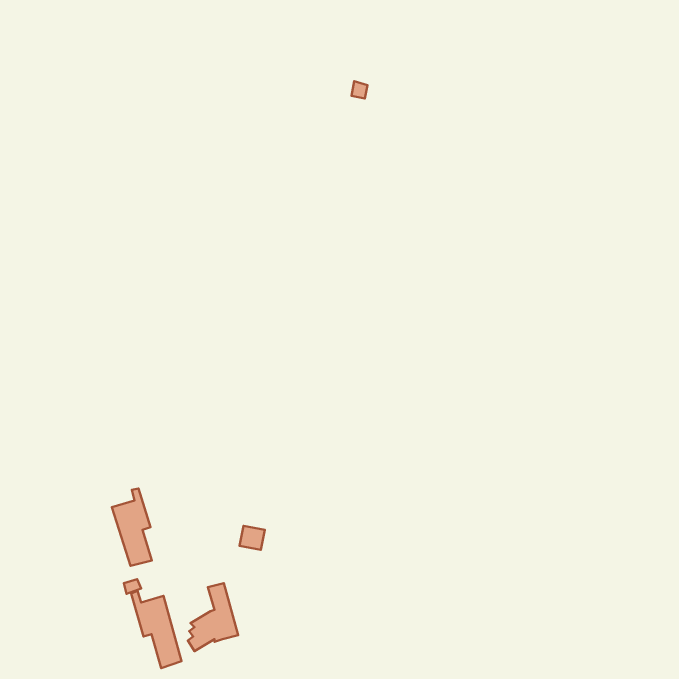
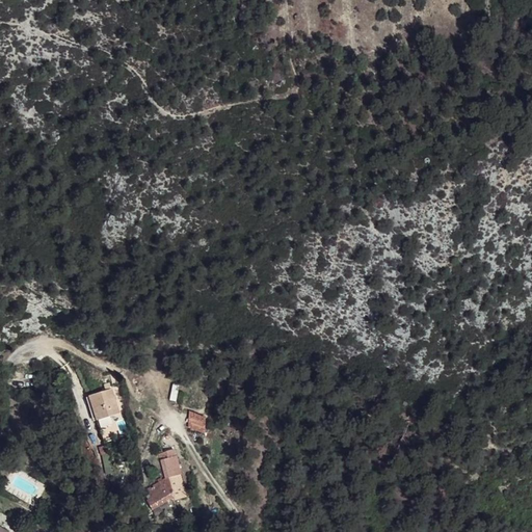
building: [131,591,181,668] -> none

